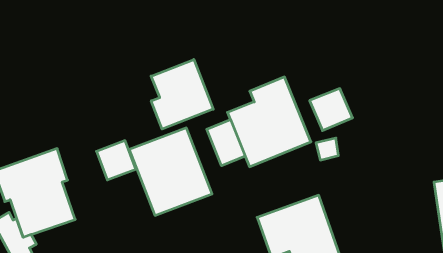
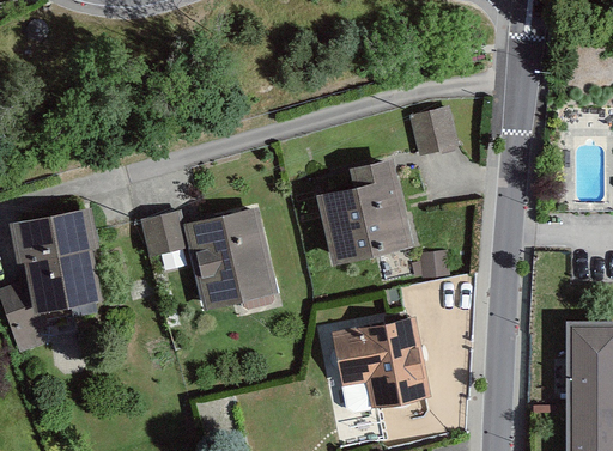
building: [151,59,213,129] -> none
building: [310,89,353,131] -> [409,104,461,154]
building: [207,120,245,166] -> none

